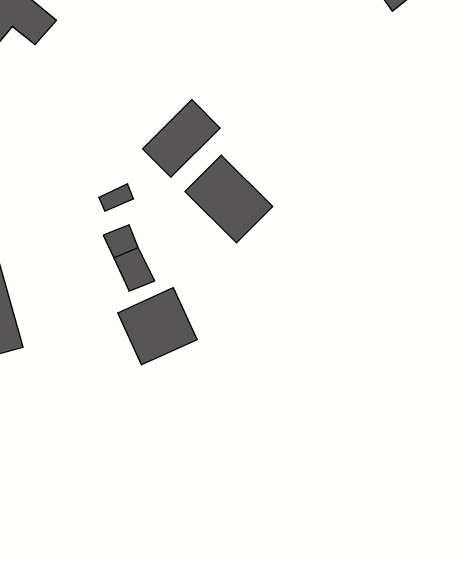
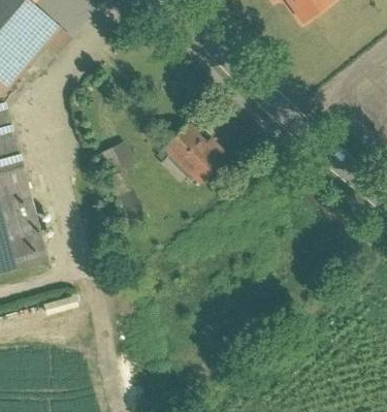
building: [143,100,220,177] -> none
building: [118,288,197,365] -> none

